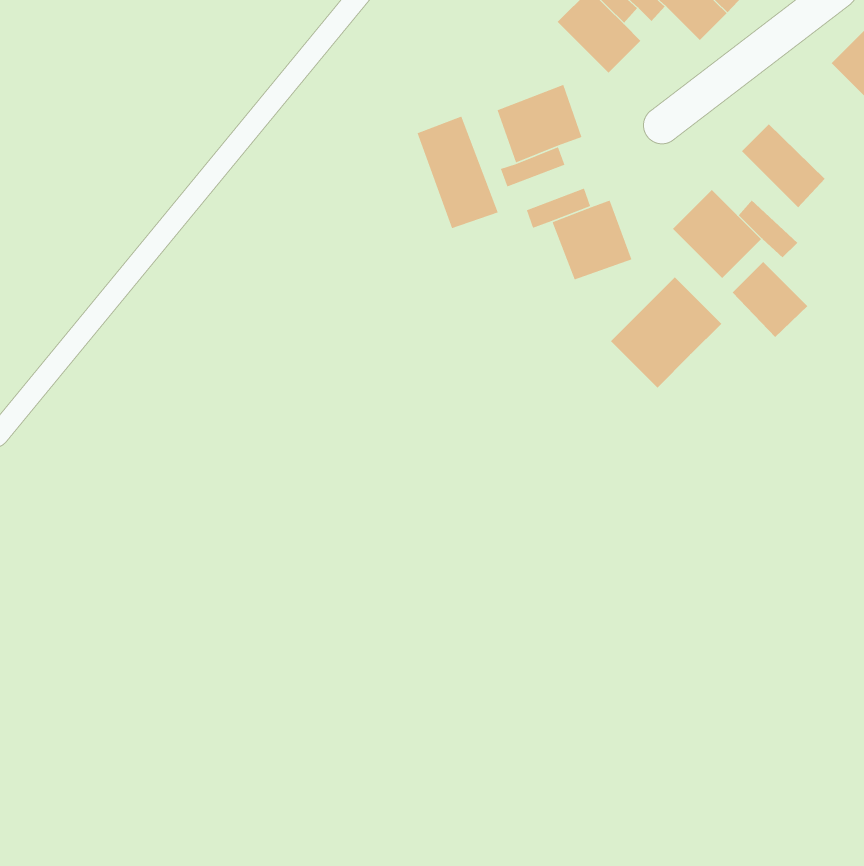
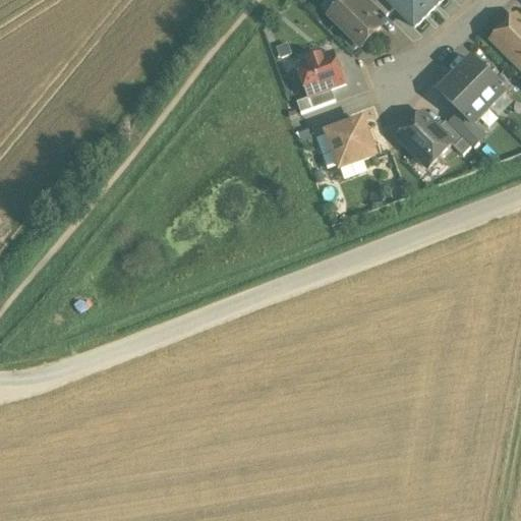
building: none -> [455,56,505,106]
building: [416,115,499,229] -> none
building: [732,261,808,338] -> none
building: [610,276,722,388] -> none

